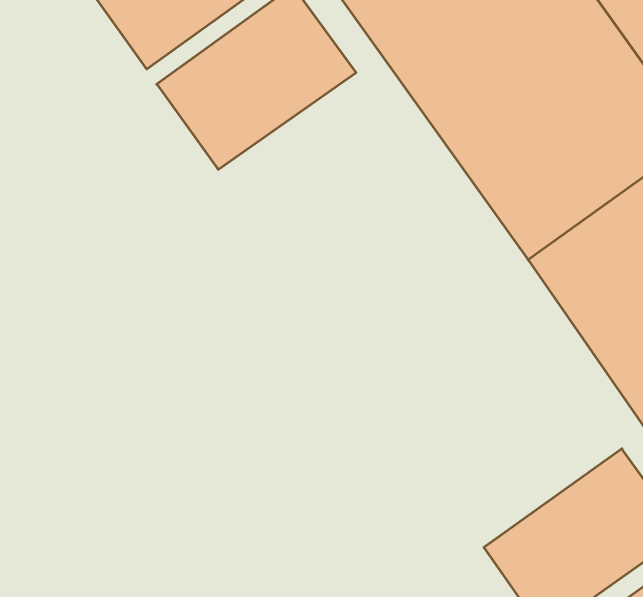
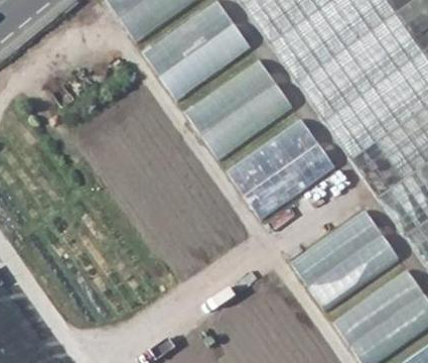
building: none -> [179,55,296,163]
building: none -> [224,117,339,226]
building: none -> [287,208,404,316]

